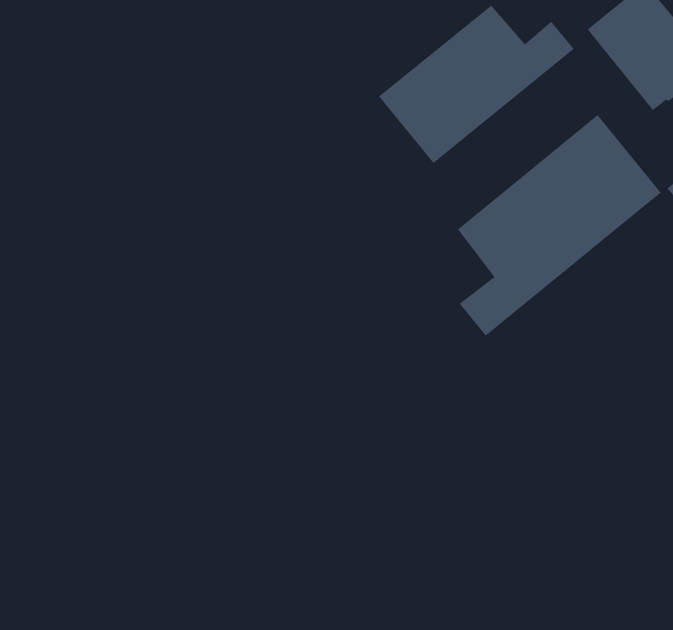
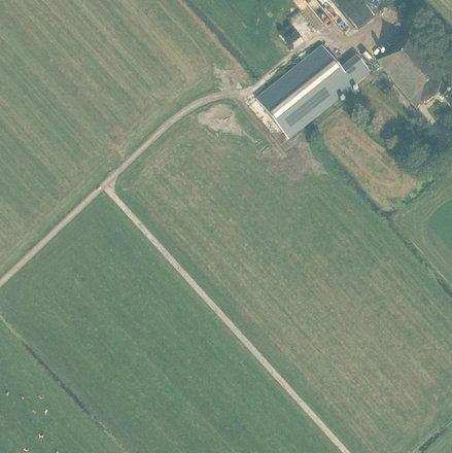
building: [457,114,662,336] -> none

